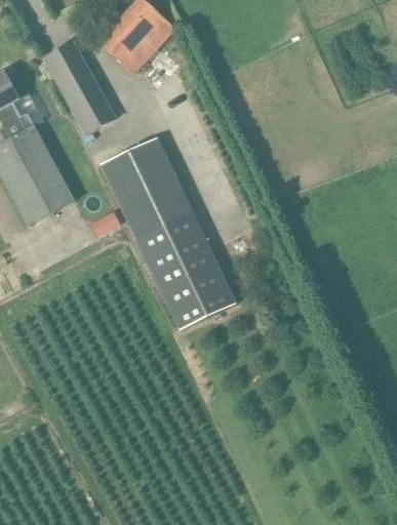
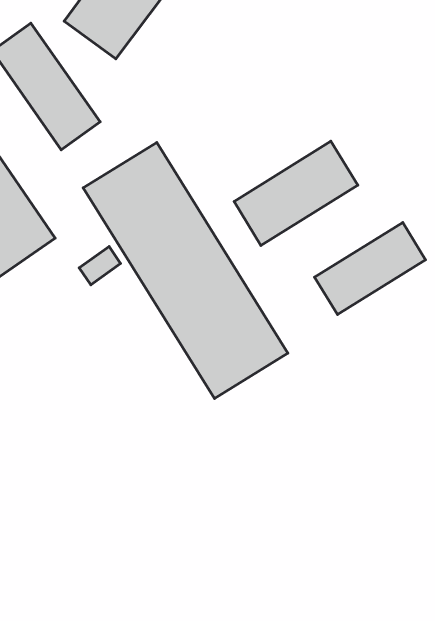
building: none -> [234,141,358,245]
building: none -> [315,223,425,315]

